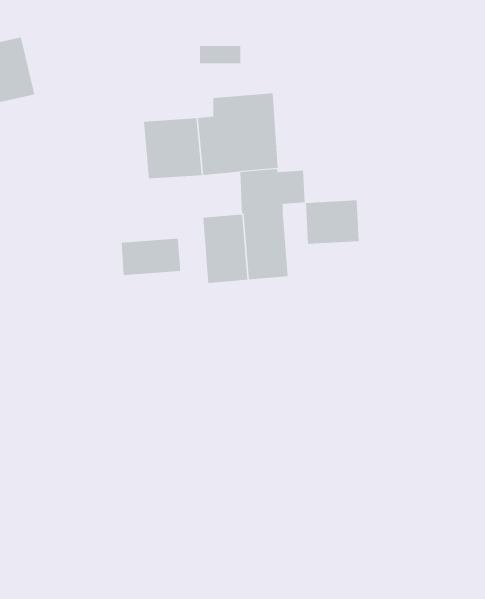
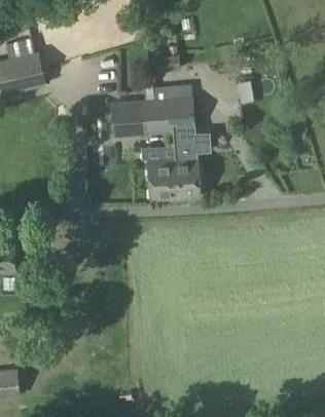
building: [305,200,359,244] -> none
building: [121,238,181,276] -> none

